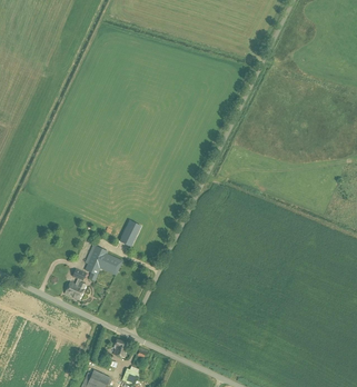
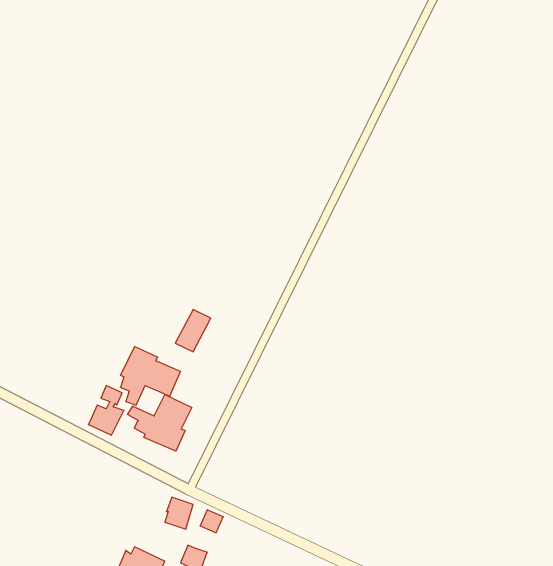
building: none -> [128,394,192,451]

